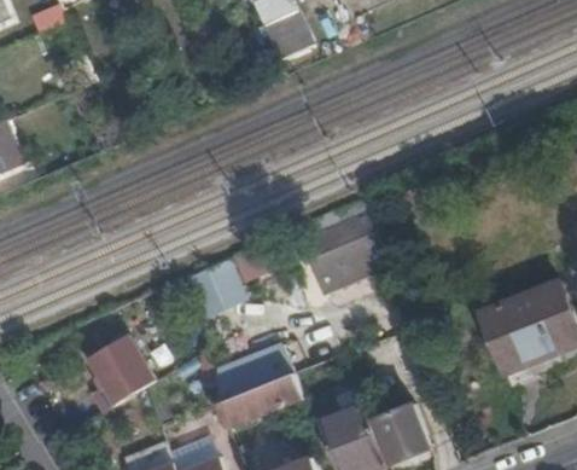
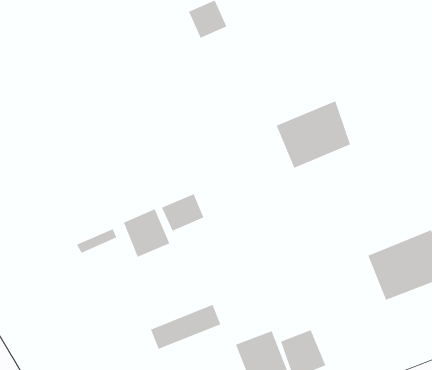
building: [298,210,389,292] -> [276,100,351,168]
building: [86,332,152,410] -> none
building: [205,347,291,404] -> none

